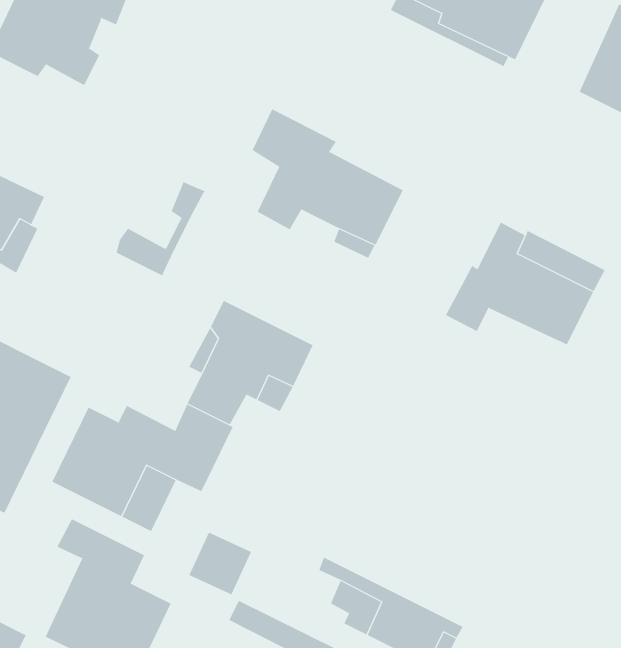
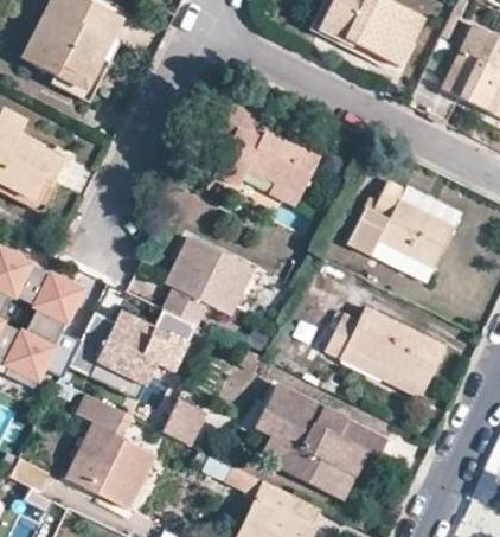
building: [116,181,206,276] -> [56,36,120,103]
building: none -> [323,309,442,399]
building: none -> [261,385,389,468]

